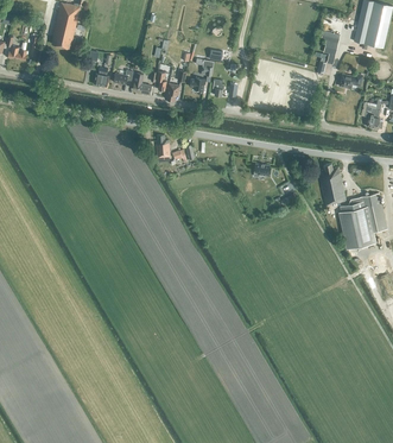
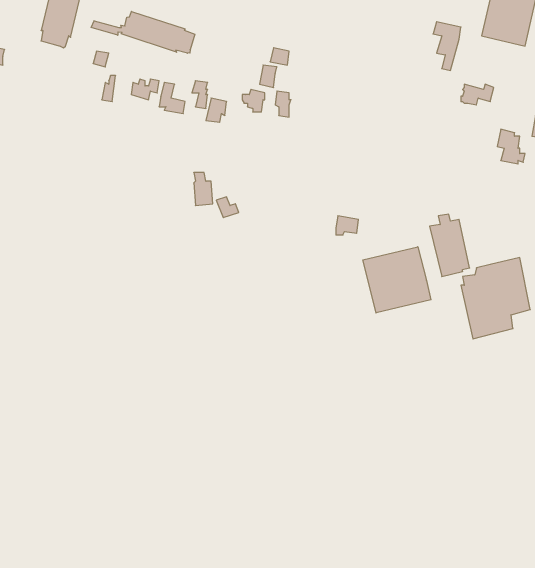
building: none -> [91,11,195,53]
building: none -> [363,247,431,313]

